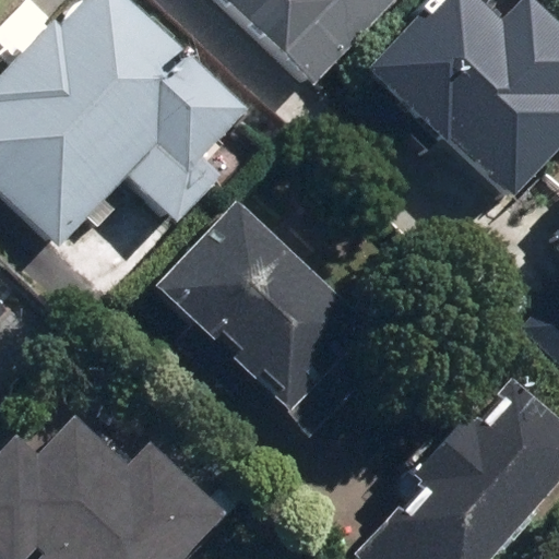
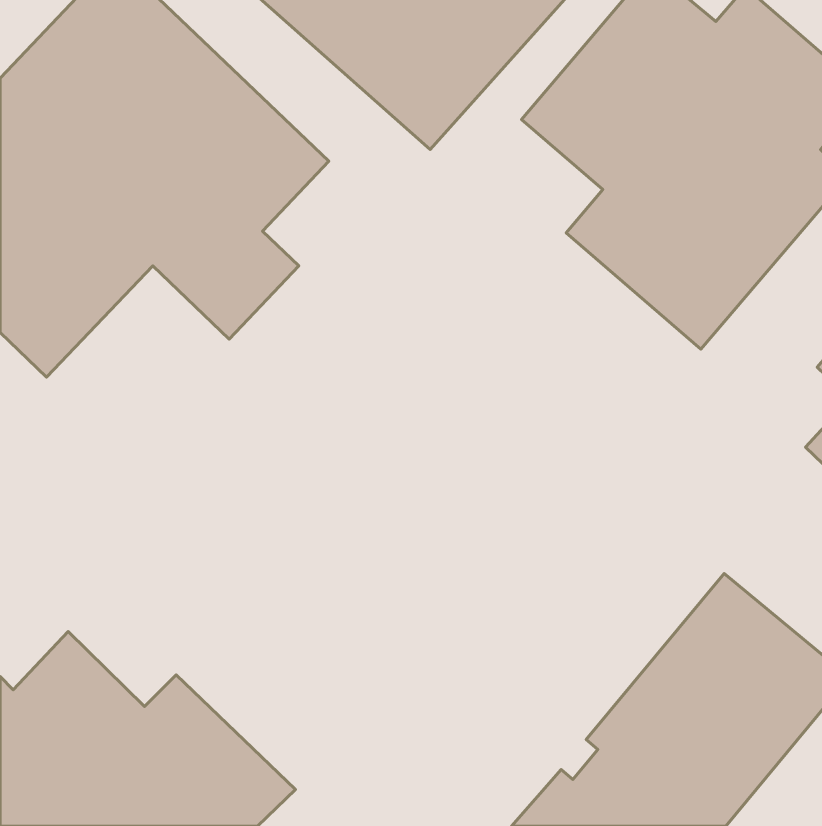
building: [143,200,361,418] -> none

